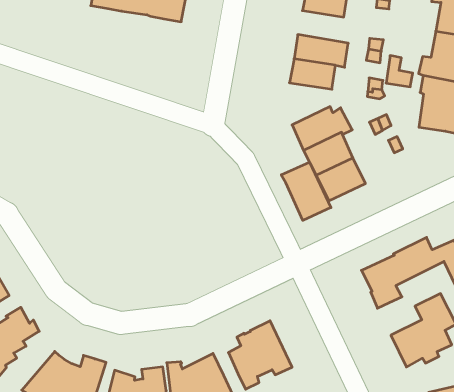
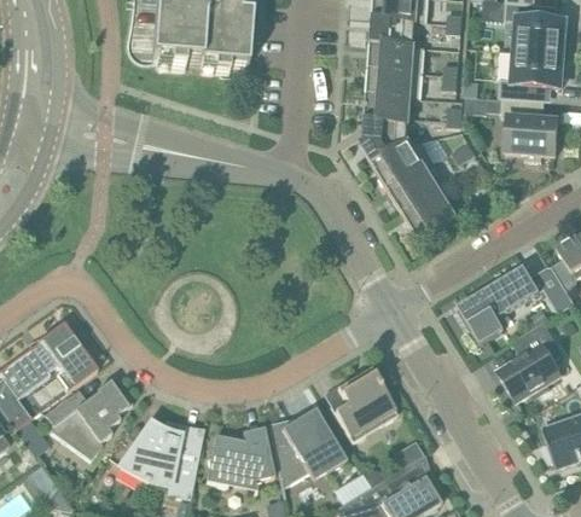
building: none -> [368,43,424,72]
building: none -> [362,120,409,163]
building: [281,162,331,220] -> none

